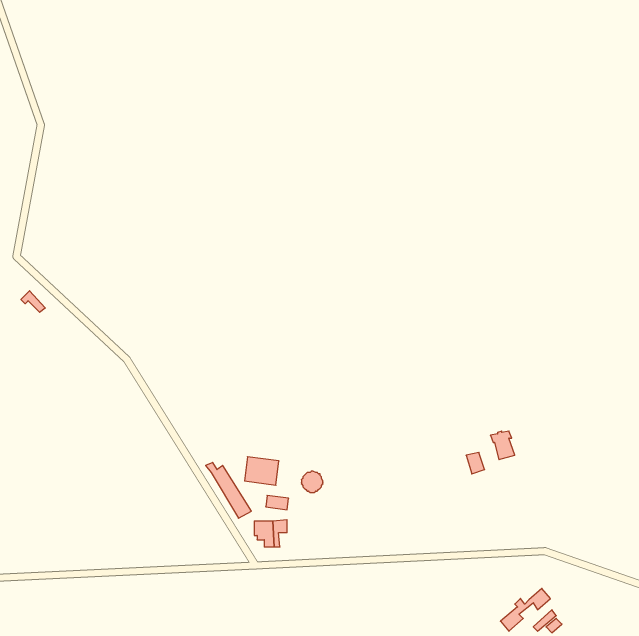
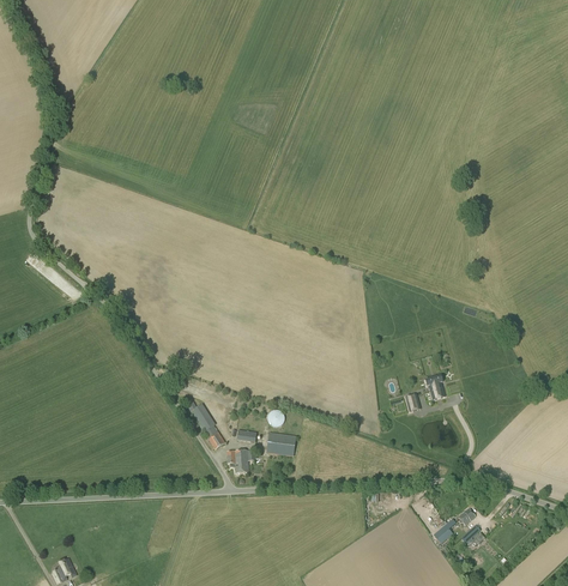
building: [245,457,279,485] -> [267,431,296,455]

